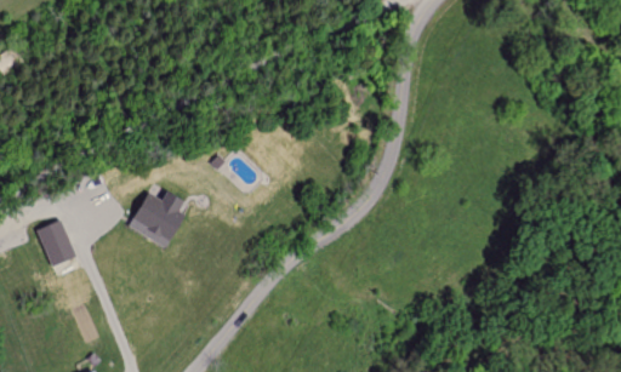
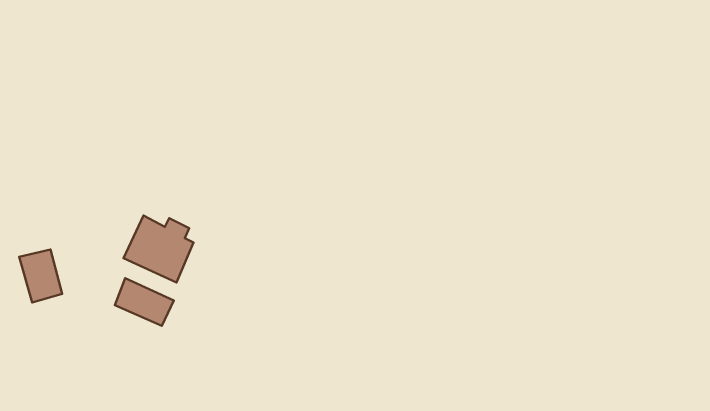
building: none -> [115,278,174,326]

